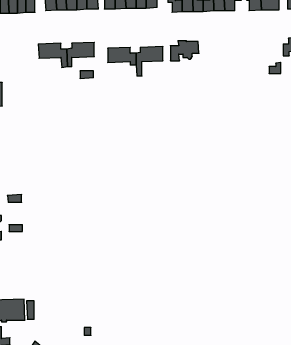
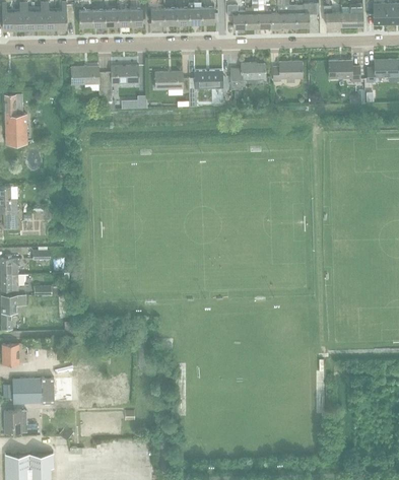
building: none -> [329,60,359,81]
building: none -> [273,61,302,81]

